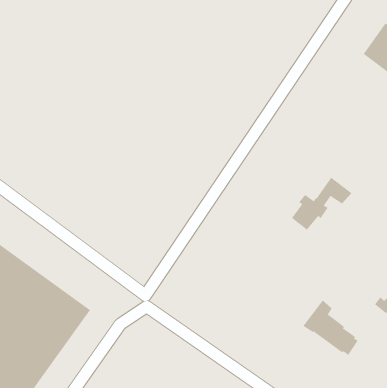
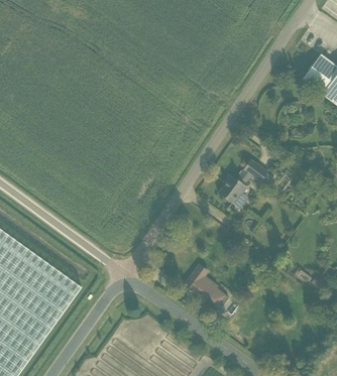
building: [291,177,352,230] -> [218,159,267,203]
building: [303,300,359,356] -> [183,264,228,309]

